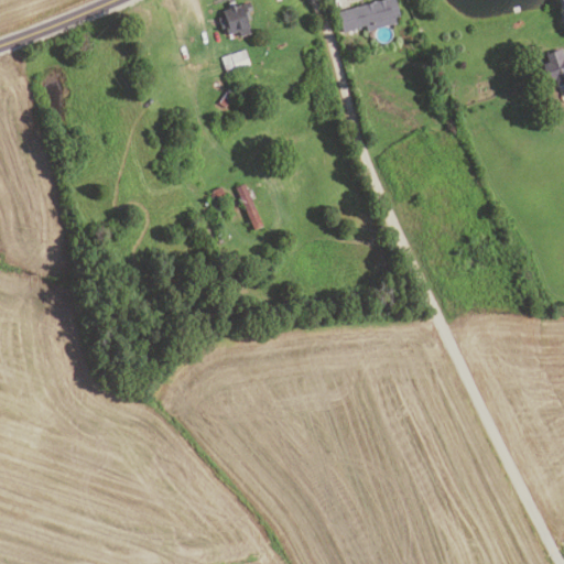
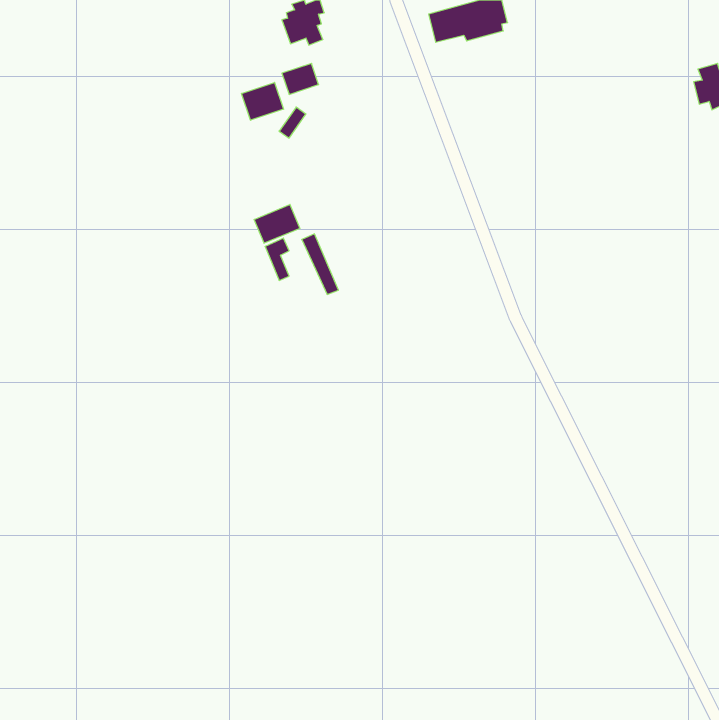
building: none -> [242,82,284,120]
building: none -> [254,204,300,243]

